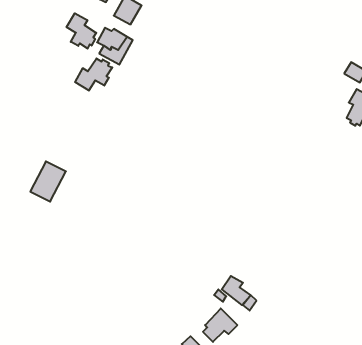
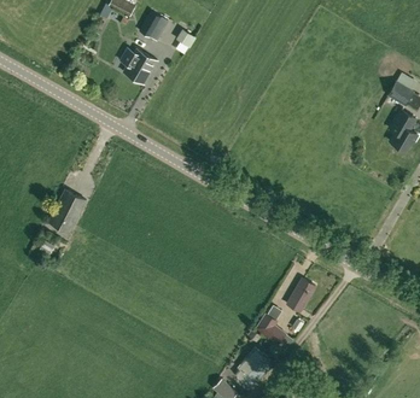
building: [67,13,96,49] -> none
building: [75,58,112,91] -> none
building: none -> [286,276,317,312]

